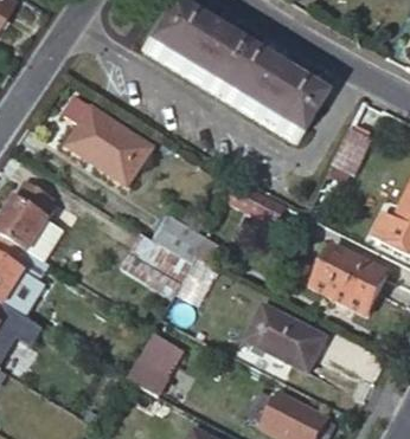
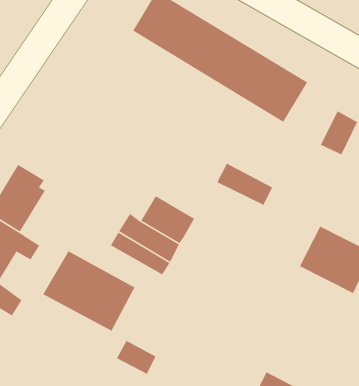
building: [64,95,153,183] -> none
building: none -> [42,250,136,332]
building: [246,305,326,370] -> none
building: [136,329,184,376] -> none

